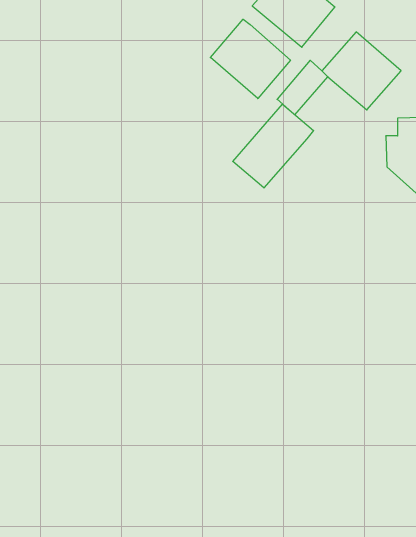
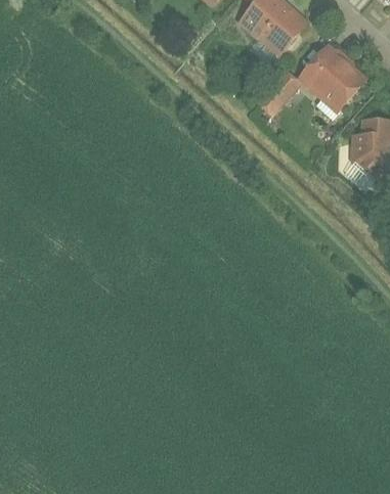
building: [210,19,290,99] -> none
building: [233,104,314,188] -> none

